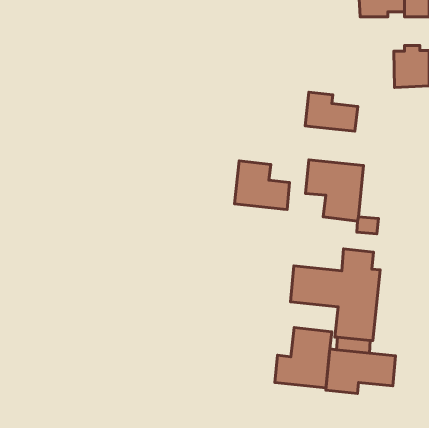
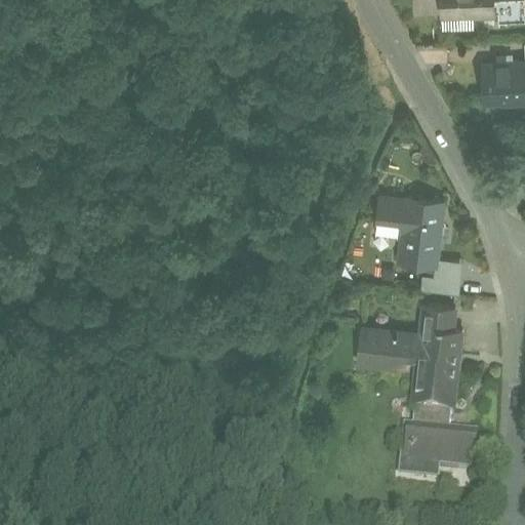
building: [305,92,358,131] -> none
building: [235,161,290,209] -> none
building: [275,327,332,388] -> none

